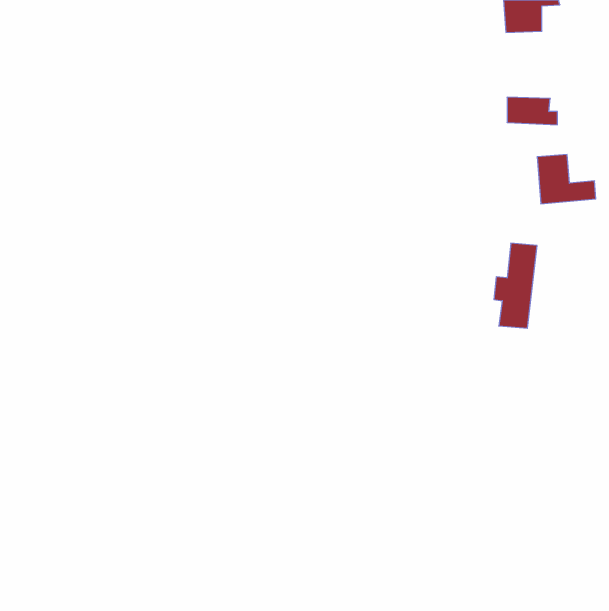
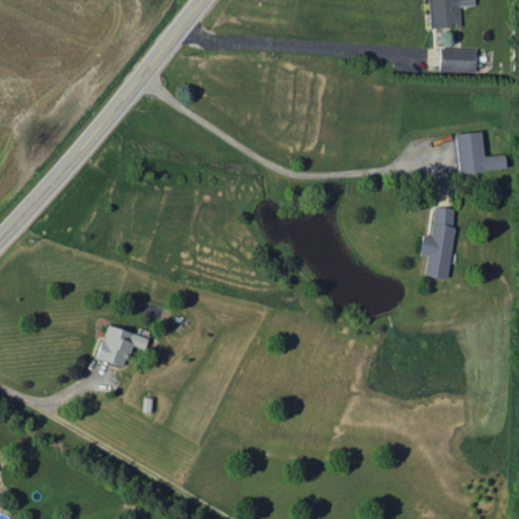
building: [507,97,557,125] -> [441,49,484,72]
building: none -> [98,325,150,367]

